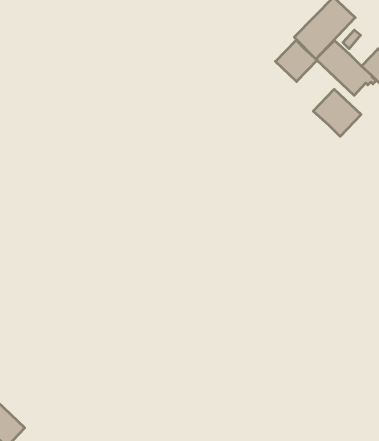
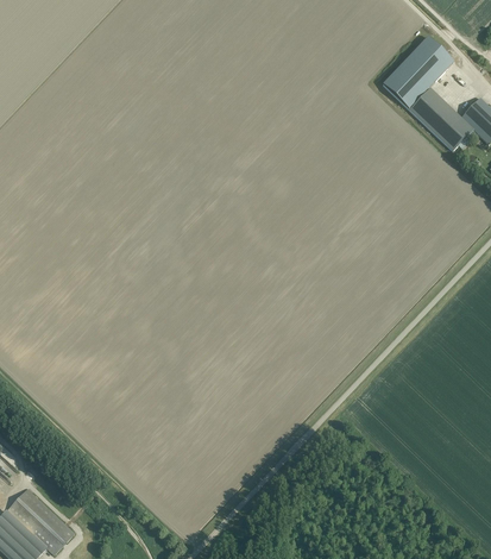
building: [275,40,317,82] -> none
building: [313,89,361,136] -> none

